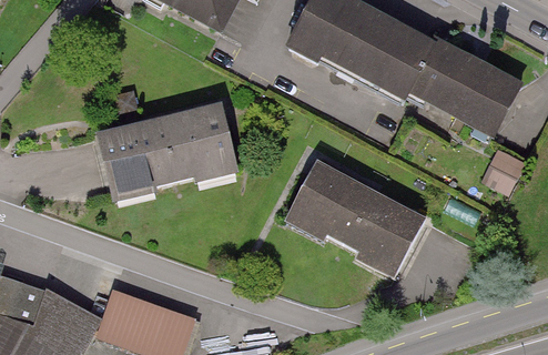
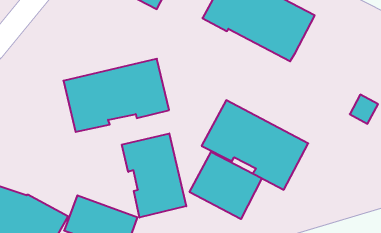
building: [410,39,521,138] -> none
building: none -> [122,133,186,218]
building: none -> [190,152,262,219]

